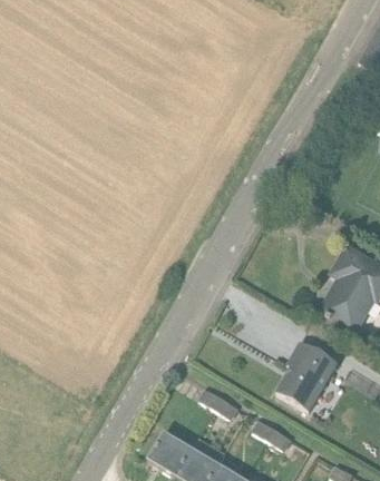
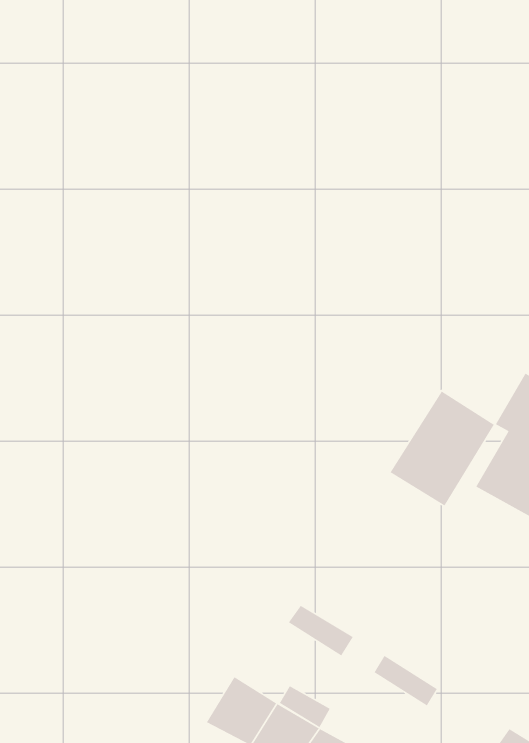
building: [274,341,340,413] -> [390,390,495,507]

